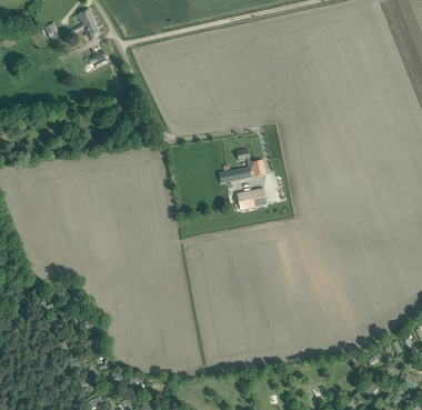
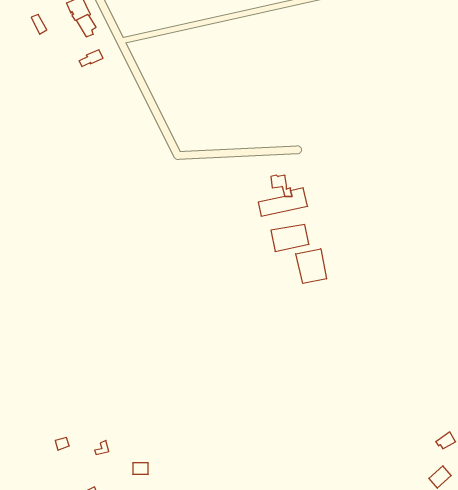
building: none -> [296,249,326,283]

